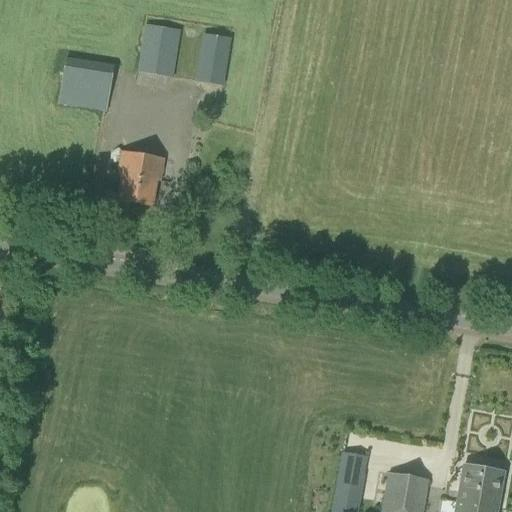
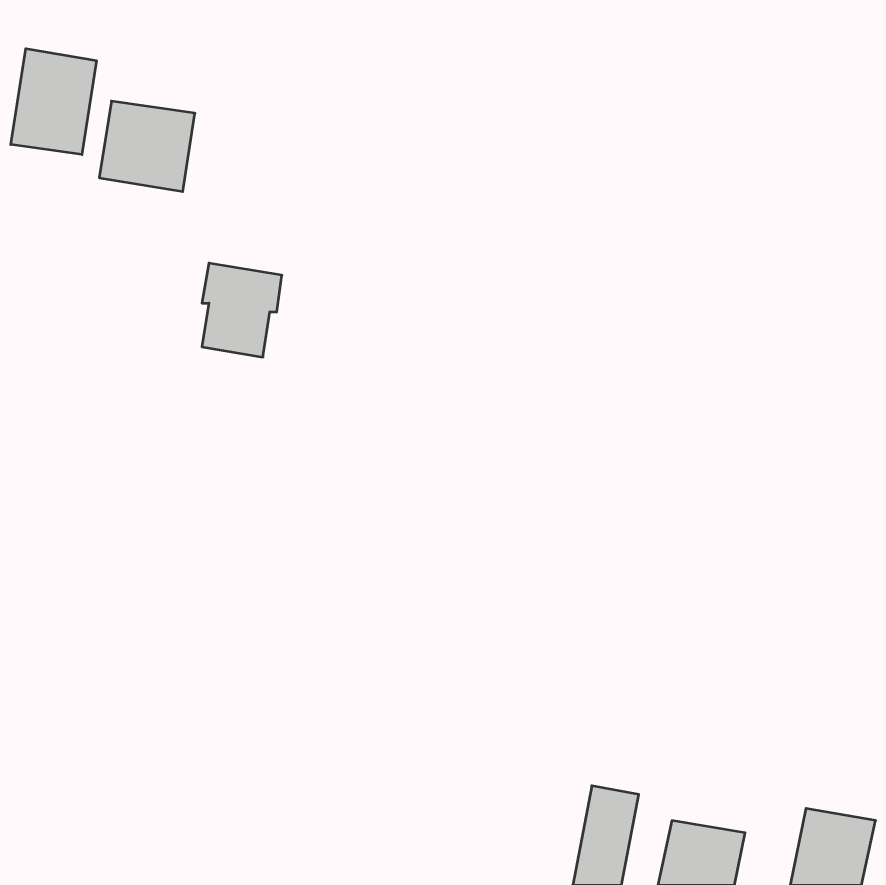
building: [138,23,182,76] -> none
building: none -> [11,49,96,155]
building: [197,32,231,84] -> none

